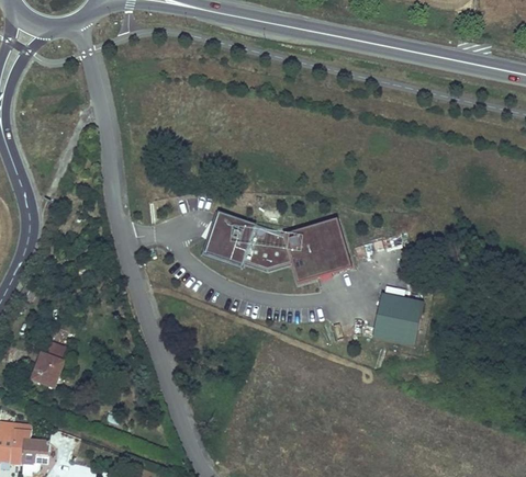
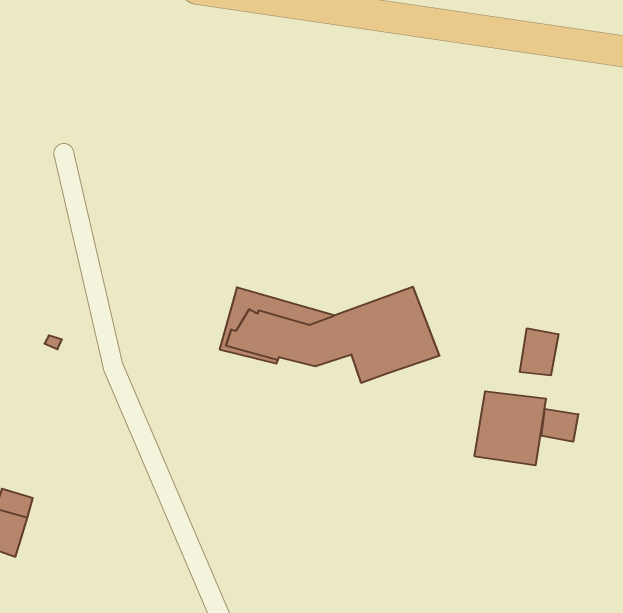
building: none -> [520,328,558,375]
building: none -> [542,409,578,442]

